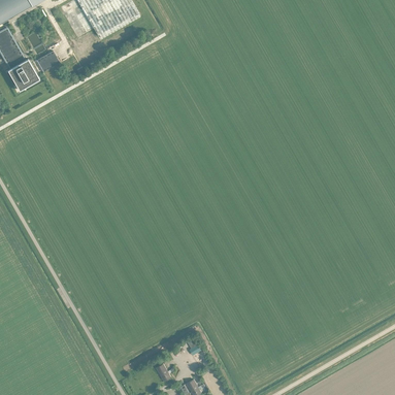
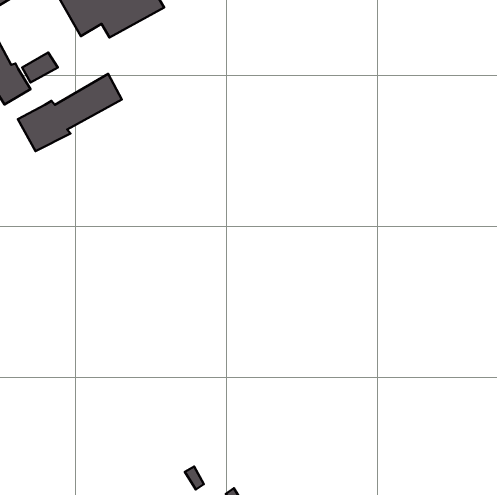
building: none -> [18,74,122,151]

